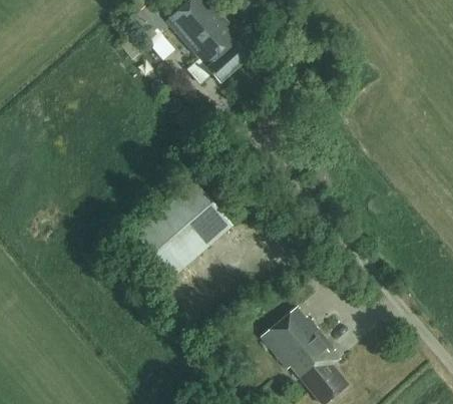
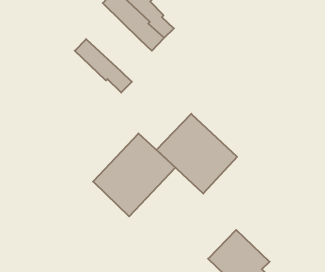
building: none -> [75,39,132,93]
building: none -> [157,114,237,194]

